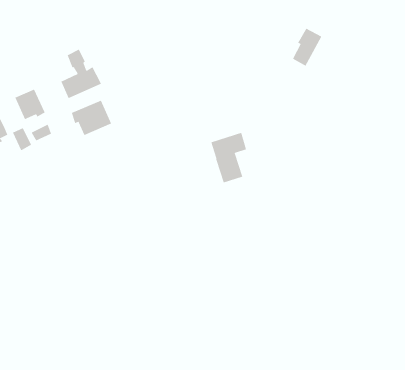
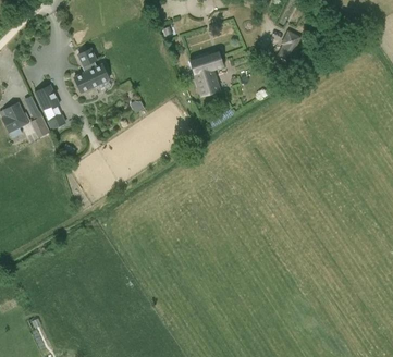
building: [71,100,112,136] -> none
building: [211,132,247,183] -> [192,50,223,95]

